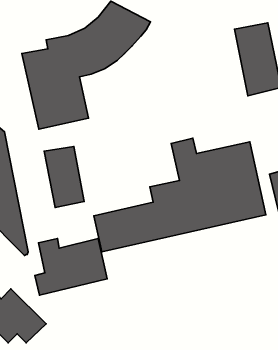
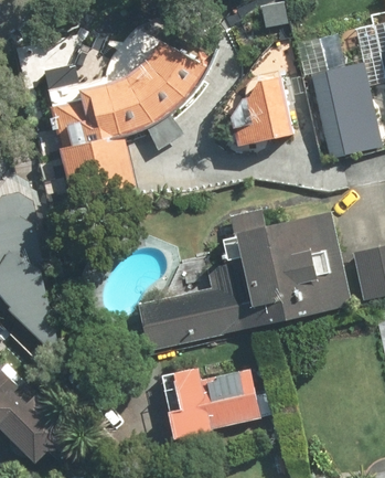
building: none -> [233,76,292,144]
building: [44,147,84,208] -> none
building: [35,238,107,295] -> [171,368,259,437]

